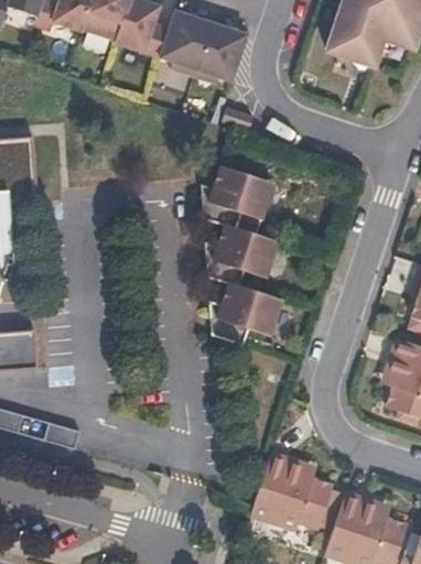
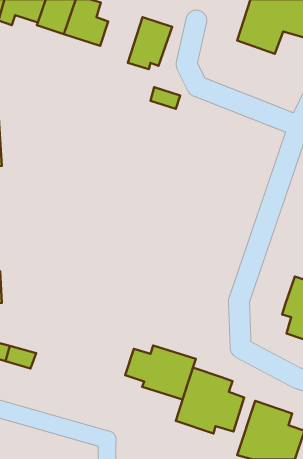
building: [158,9,209,77] -> none
building: [199,167,281,347] -> none
building: none -> [125,346,196,400]

